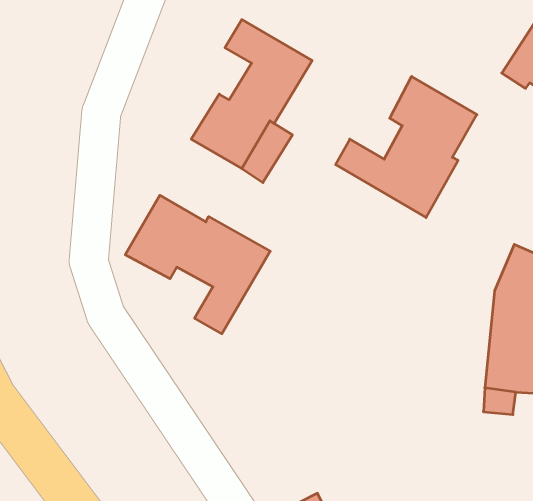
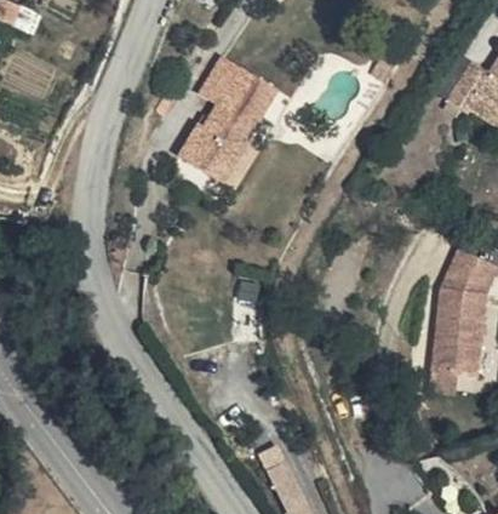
building: [336,76,477,218] -> none
building: [125,195,270,334] -> none

